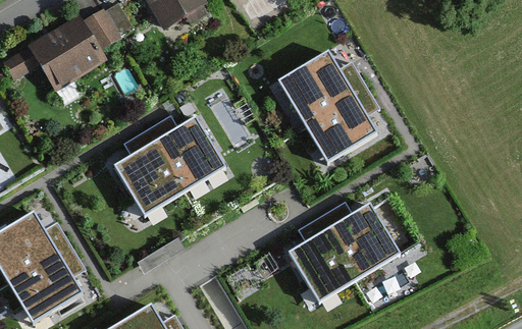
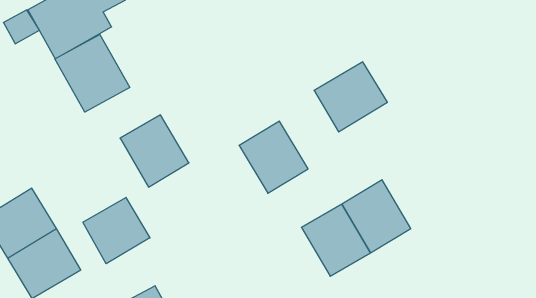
building: [280,53,351,120] -> none
building: none -> [55,34,130,112]
building: [156,120,222,189] -> [239,121,308,193]
building: none -> [83,197,150,264]

